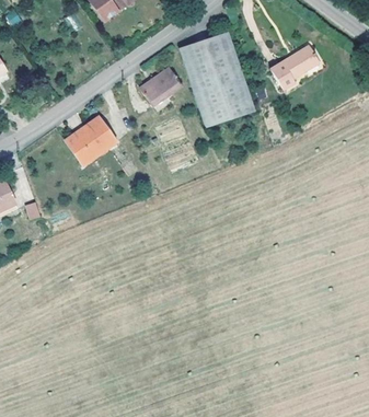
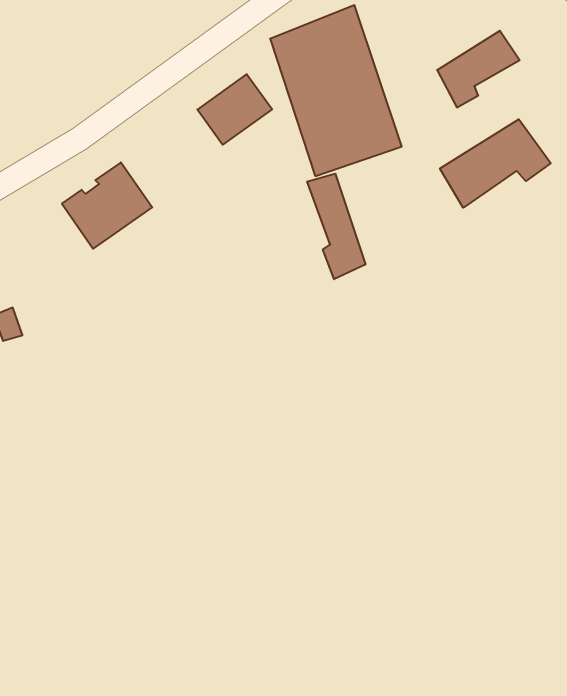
building: none -> [440,119,551,208]
building: none -> [307,174,365,279]

